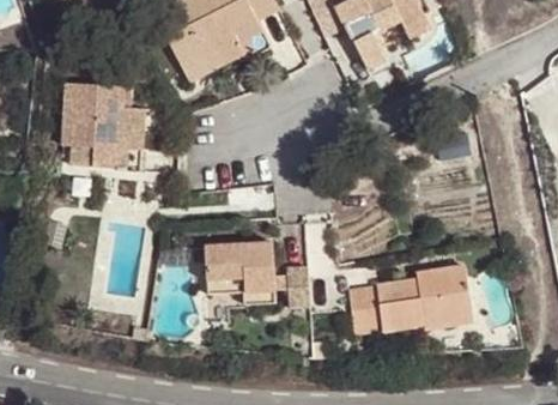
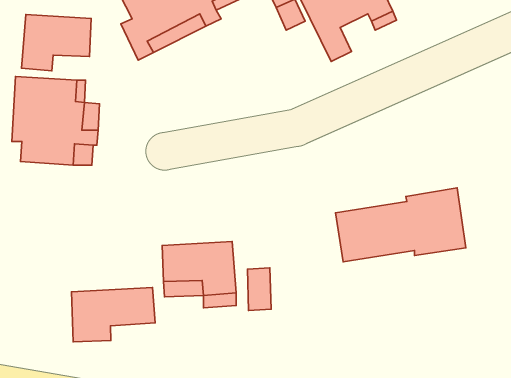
building: none -> [22,15,91,71]
building: [350,264,474,334] -> [336,188,466,262]
building: none -> [72,288,155,342]

